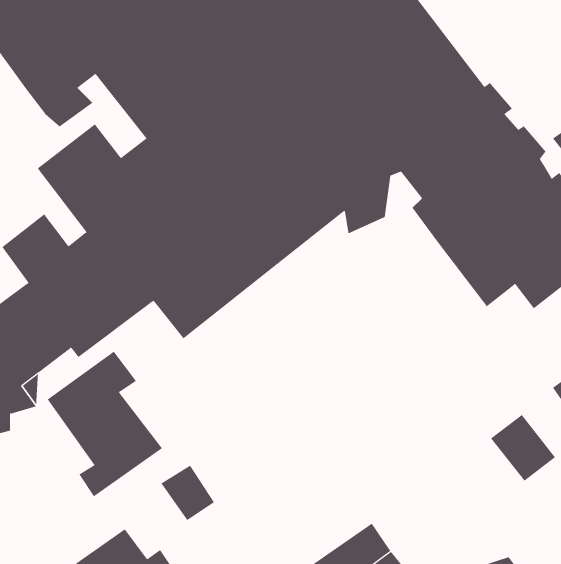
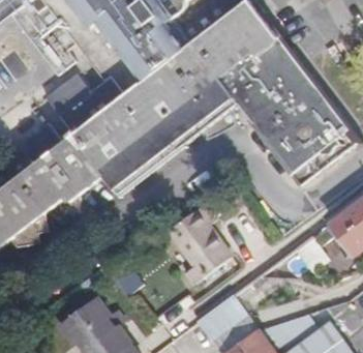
building: [47,351,163,497] -> [169,201,233,282]

